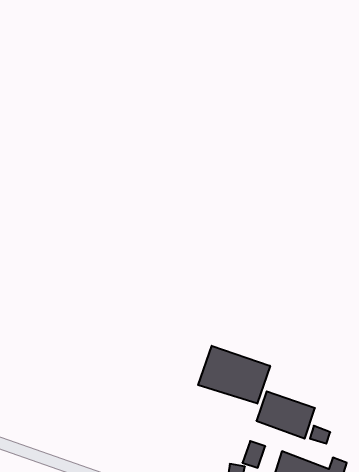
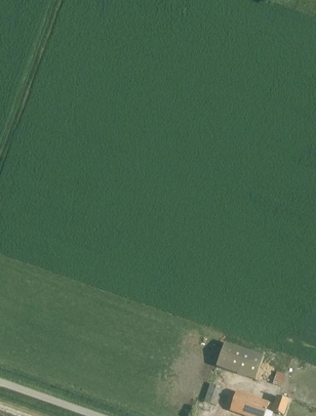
building: [198,346,270,404] -> none

